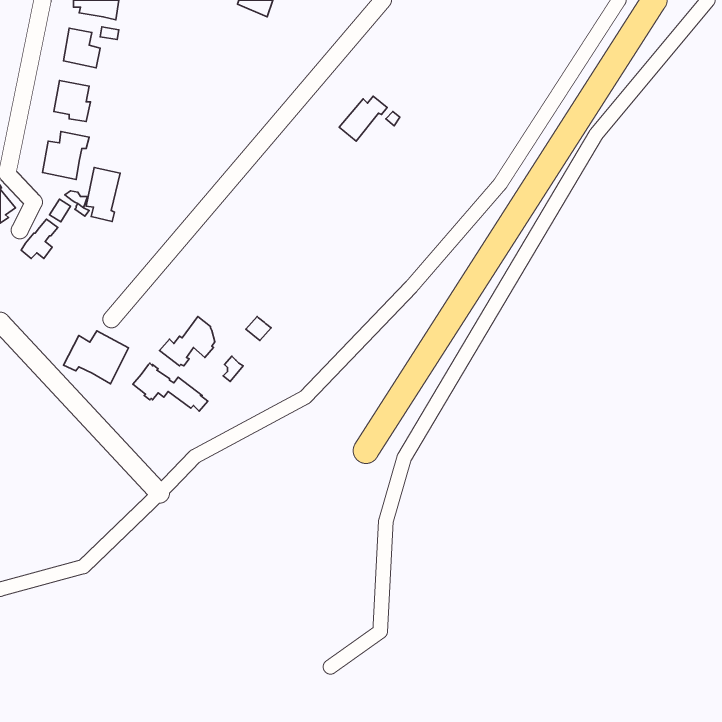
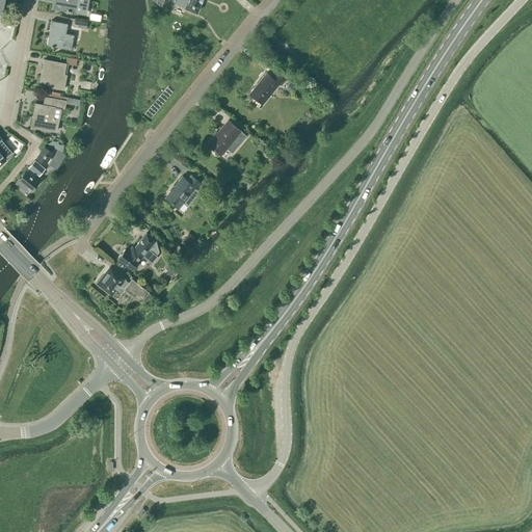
building: [86,168,120,222] -> none
building: none -> [208,124,245,156]
building: none -> [165,176,202,208]
building: [64,331,128,384] -> none

